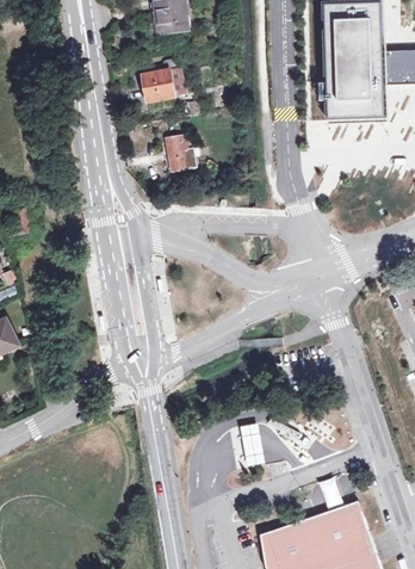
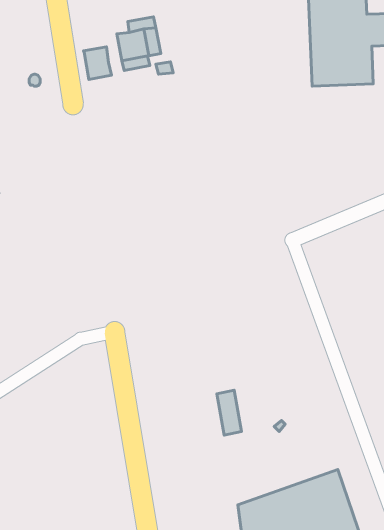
building: none -> [84,47,112,79]
building: [167,135,196,171] -> none

